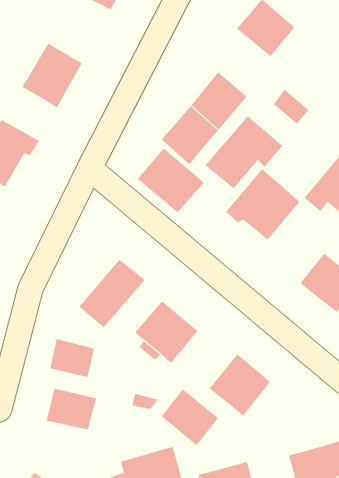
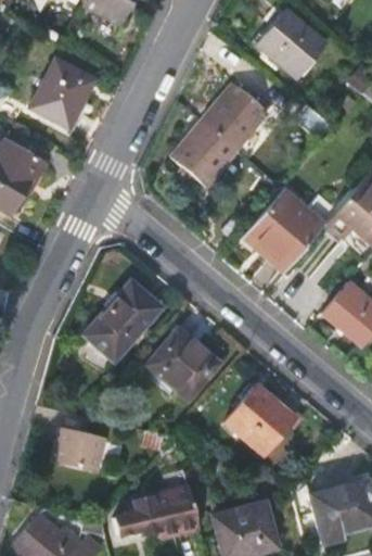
building: [205,115,283,189] -> none
building: [137,148,205,213] -> none
building: [50,338,94,378] -> none
building: [161,388,219,446] -> none

